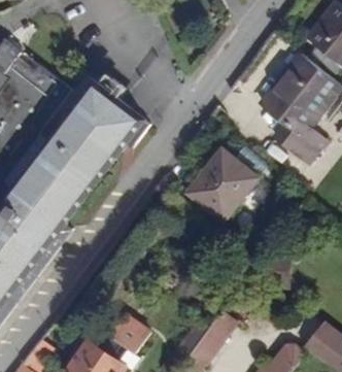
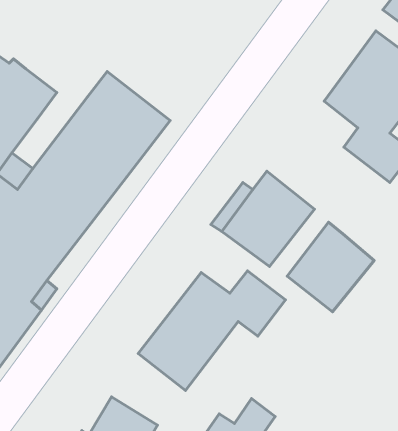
building: none -> [287,222,374,312]
building: none -> [138,271,286,391]

